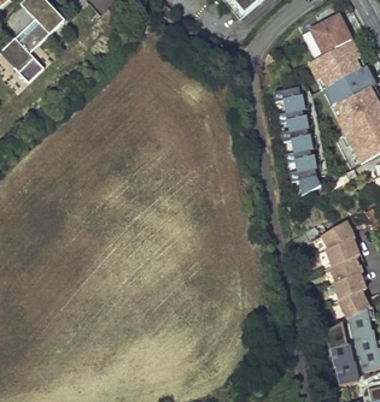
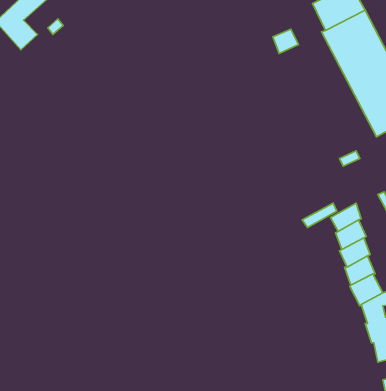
building: [275,88,321,194] -> none
building: [323,320,358,385] -> none

